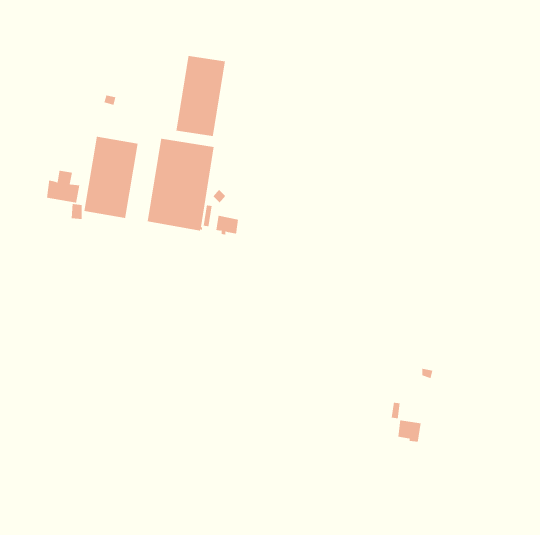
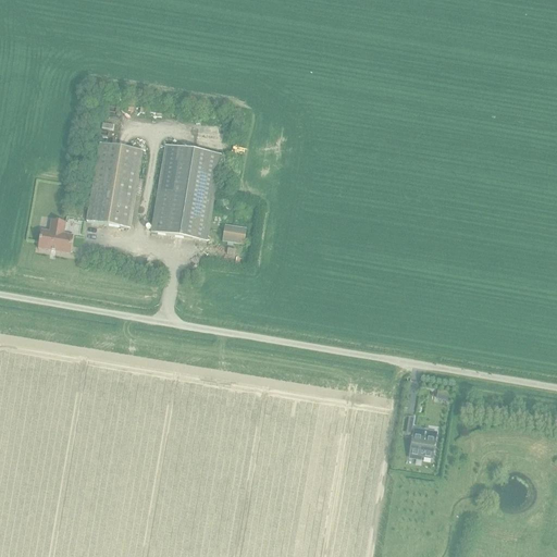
building: [176,55,226,137] -> none
building: [46,170,80,203] -> [38,216,73,250]

